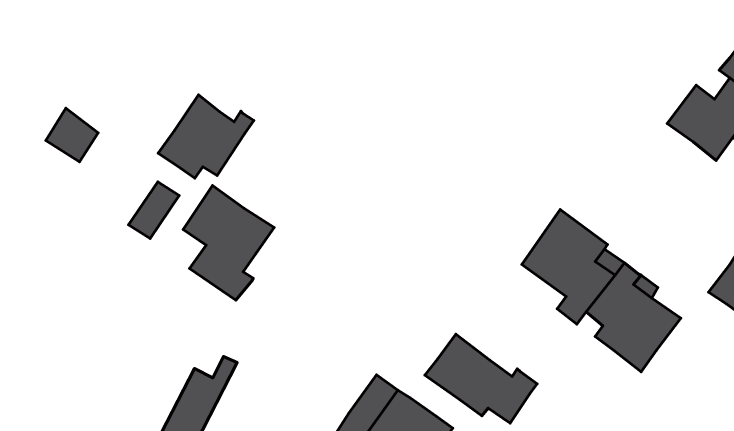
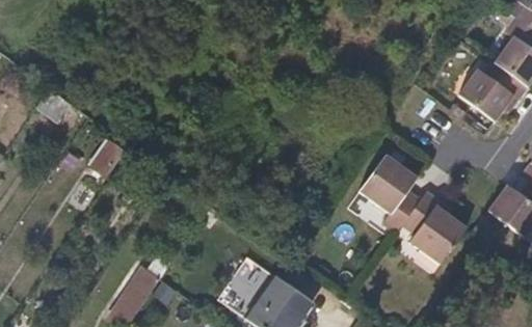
building: [158,95,254,178] -> none
building: [183,185,274,300] -> none
building: [425,334,537,423] -> none

